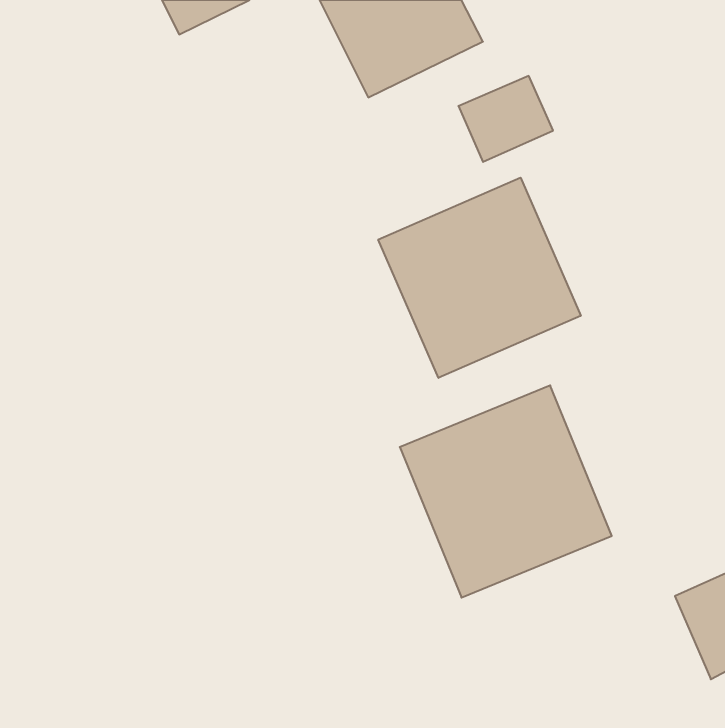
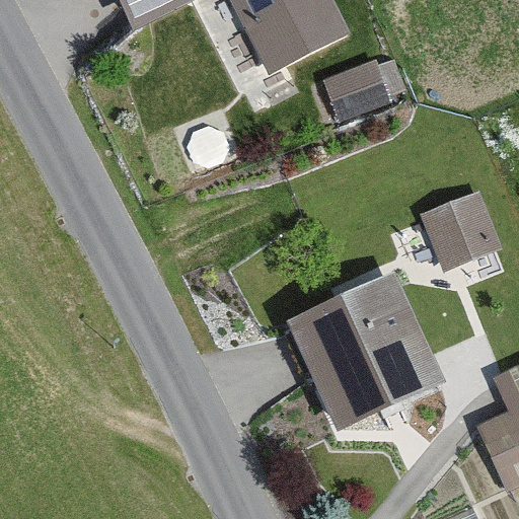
building: [378,178,581,378] -> none
building: none -> [425,184,508,265]

